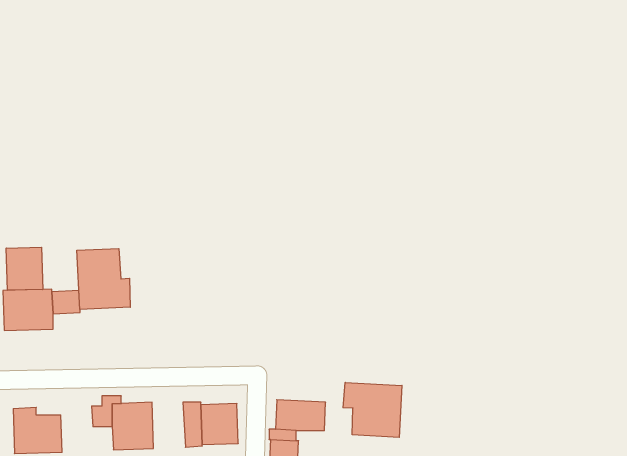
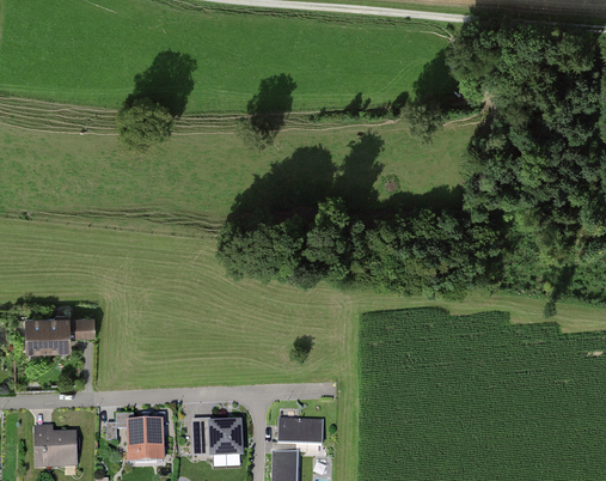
building: [6,247,43,290] -> none
building: [77,249,130,310] -> none
building: [343,382,402,437] -> none

